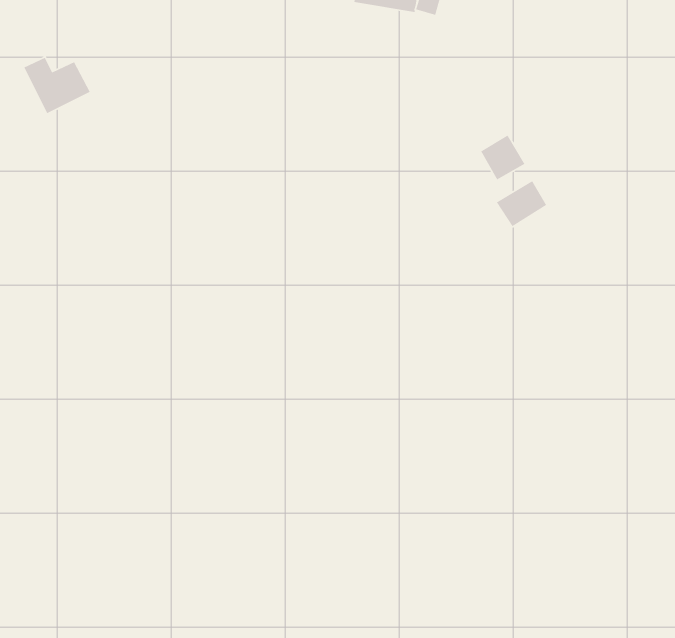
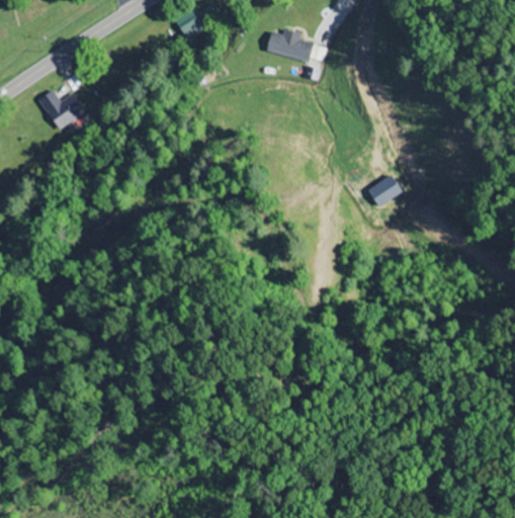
building: [480,134,526,180] -> none

